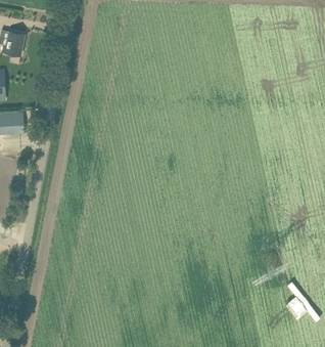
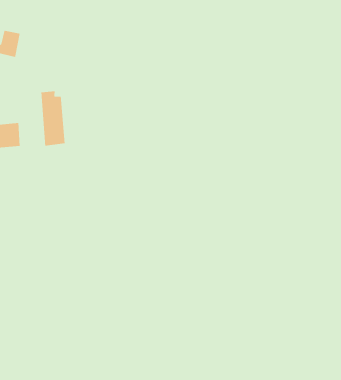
building: none -> [41,90,65,146]

